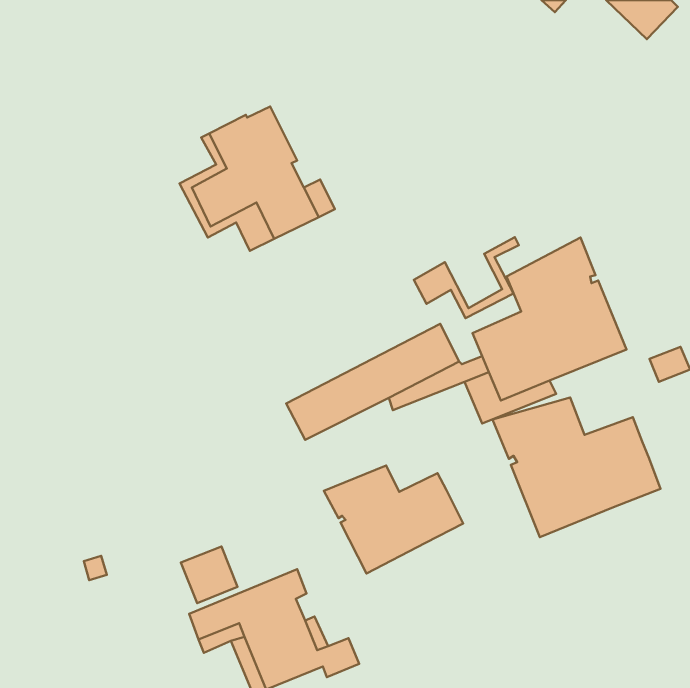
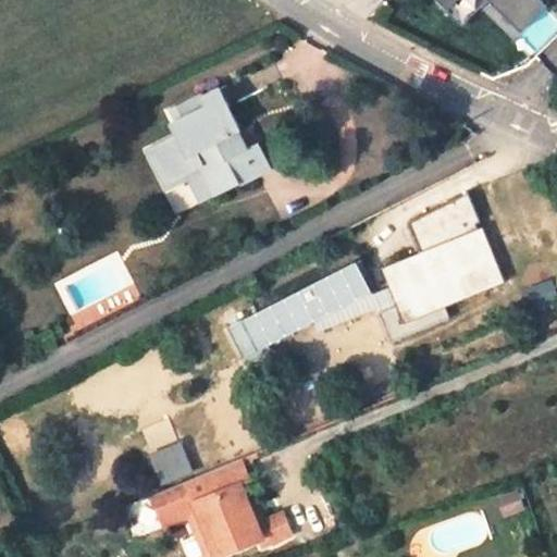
building: [414,237,519,318] -> none
building: [493,397,661,537] -> none
building: [324,466,463,573] -> none

